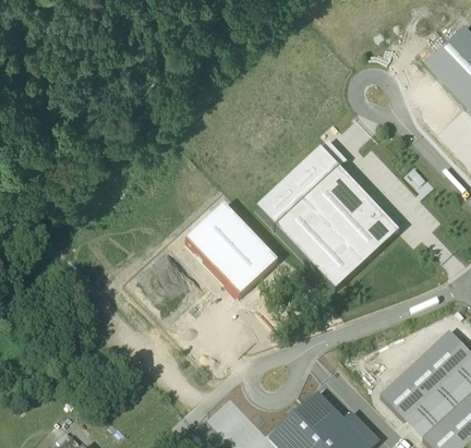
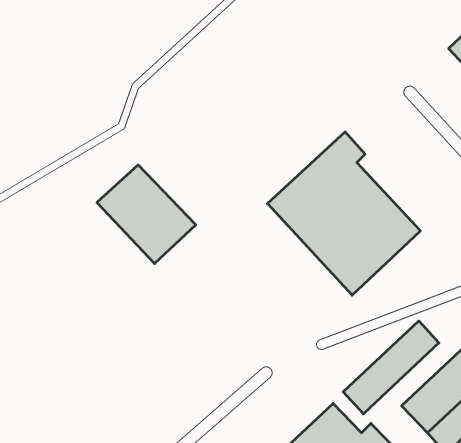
building: [184,204,276,295] -> [97,165,196,264]
building: none -> [343,321,439,414]

